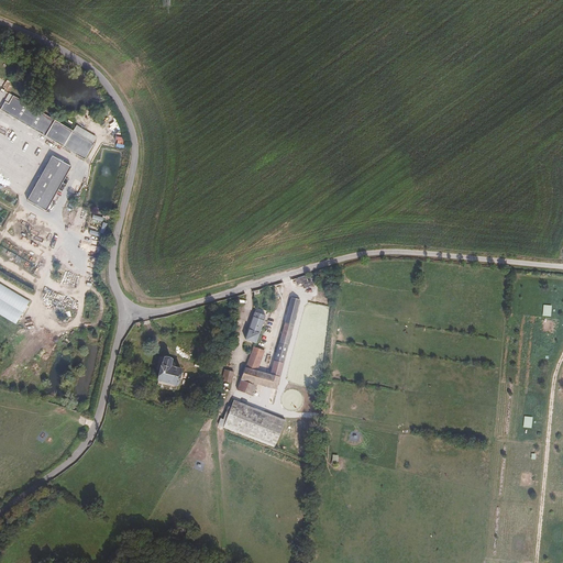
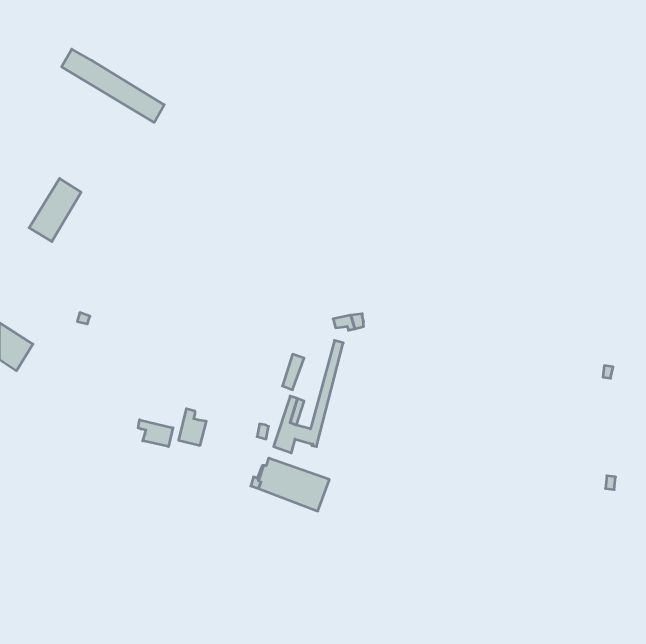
building: [4,96,93,159] -> [62,49,164,122]
building: none -> [138,420,173,447]

